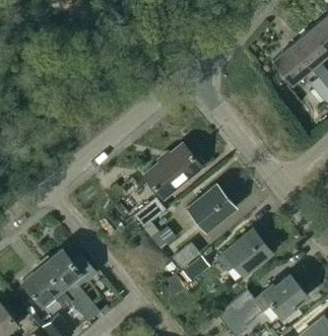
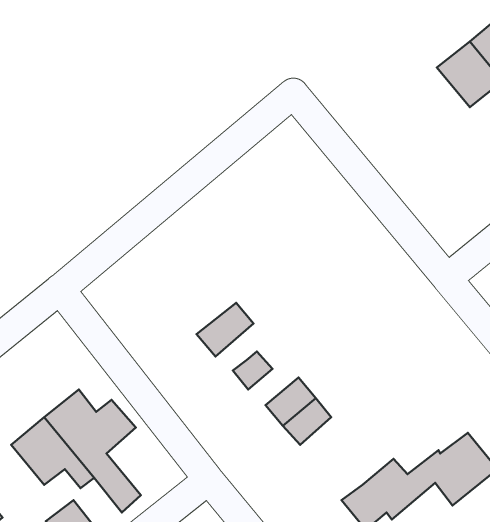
building: [143,144,202,199] -> none
building: [187,185,236,232] -> none
building: [217,229,271,275] -> none

